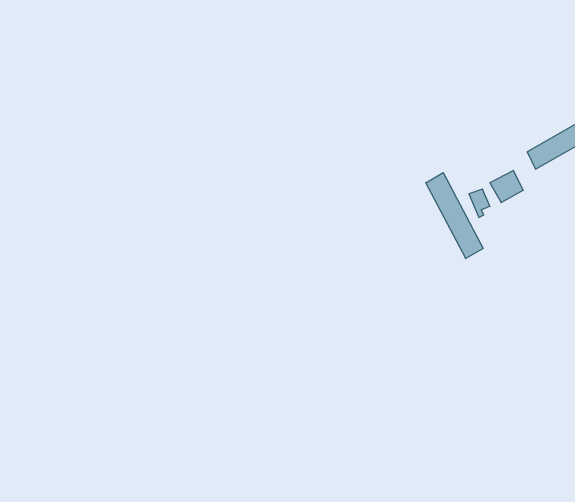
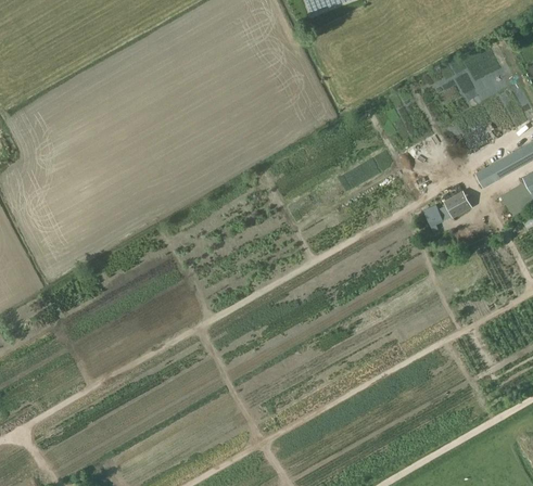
building: [426,173,483,259] -> none

